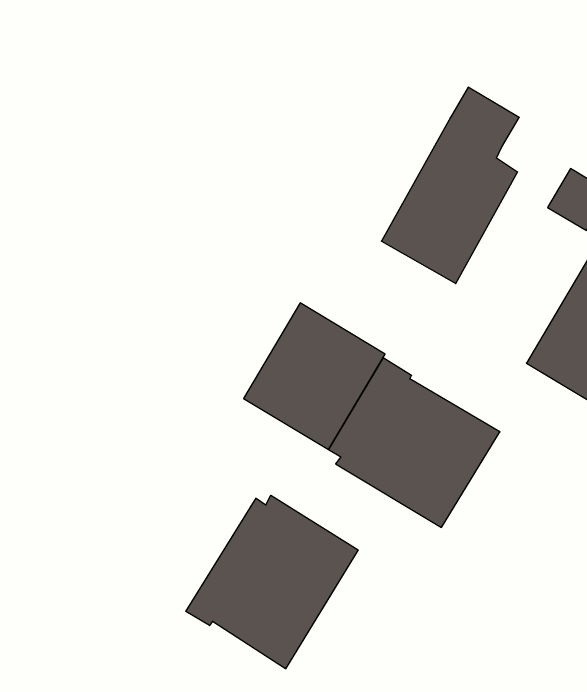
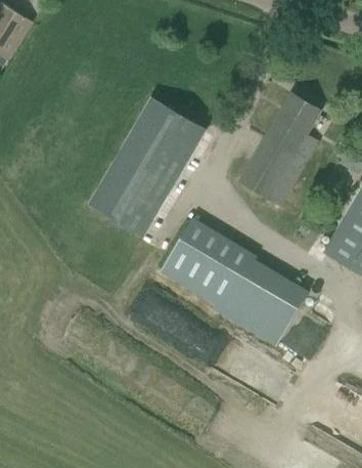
building: none -> [89,96,206,236]
building: [186,495,358,669] -> none

